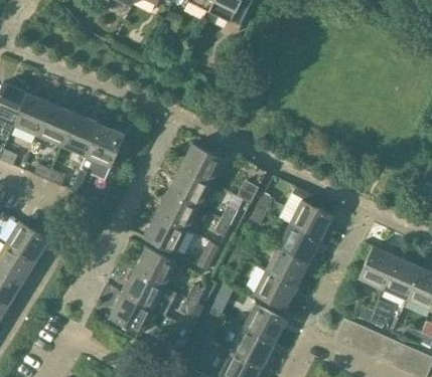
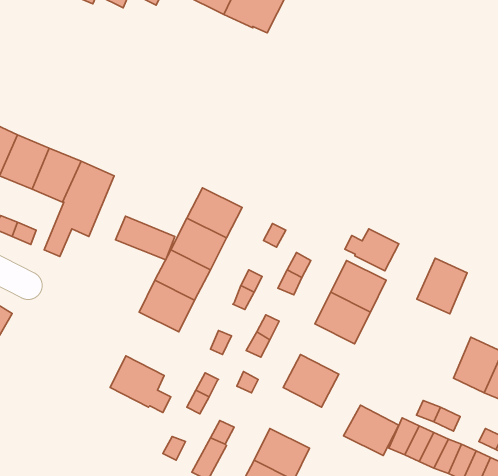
building: none -> [115,216,175,260]
building: none -> [345,229,399,271]
building: [358,246,397,289] -> [417,258,467,314]
building: [267,247,308,286] -> none
building: [134,248,175,287] -> none
building: [110,296,151,335] -> none
building: [244,304,286,342] -> [343,405,399,456]

